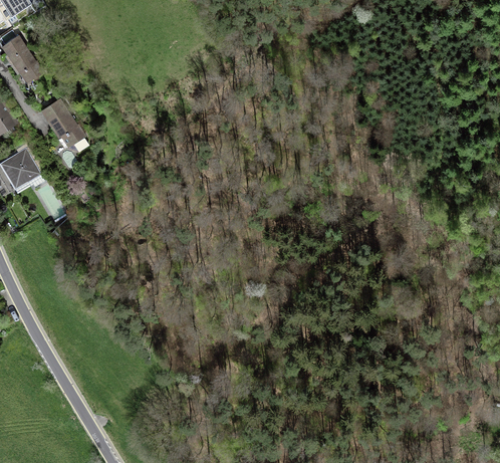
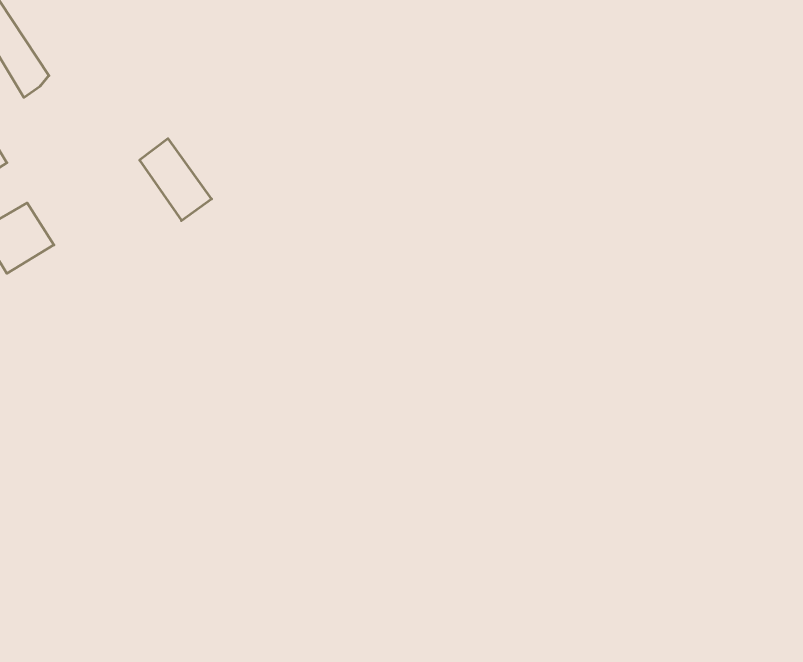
building: [40,99,83,149] -> [140,139,212,221]

